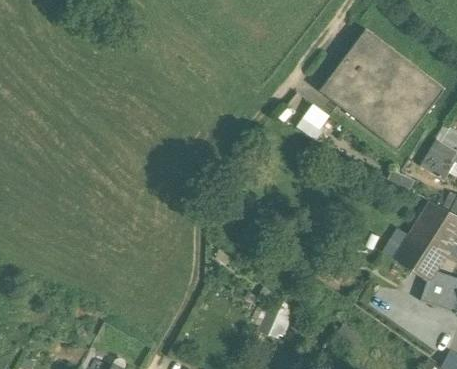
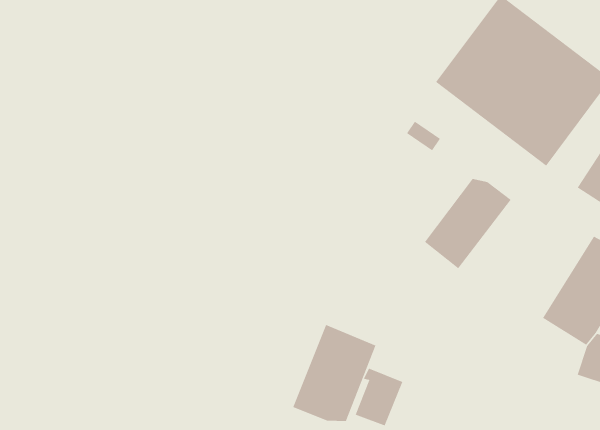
building: none -> [424,178,511,269]
building: none -> [292,324,376,422]

